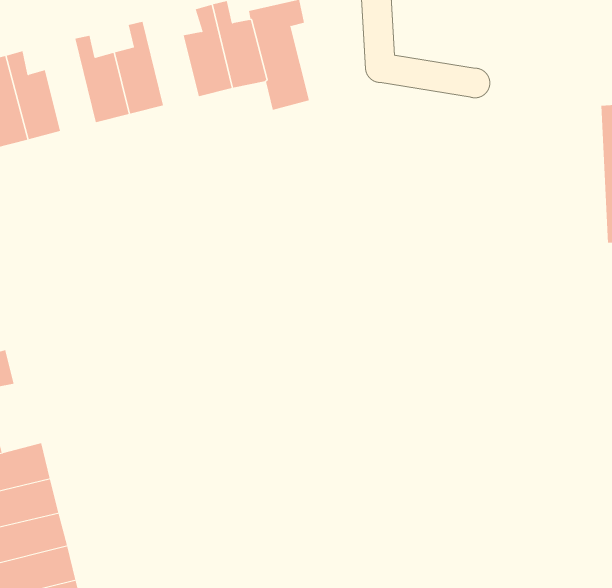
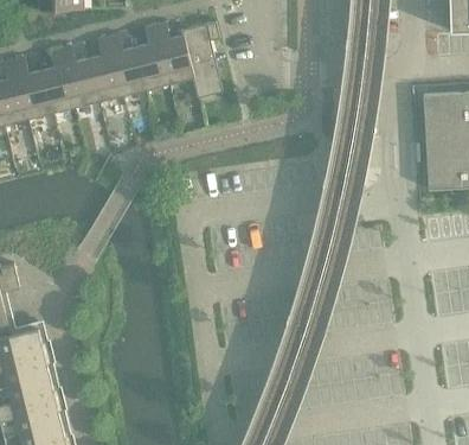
building: none -> [108,33,146,94]
building: none -> [40,47,75,112]

